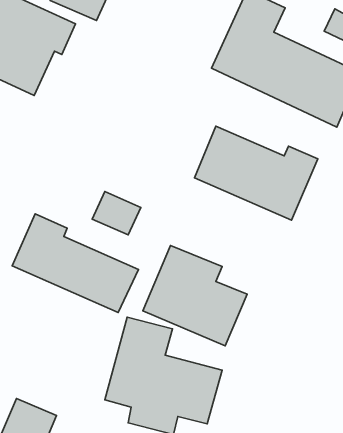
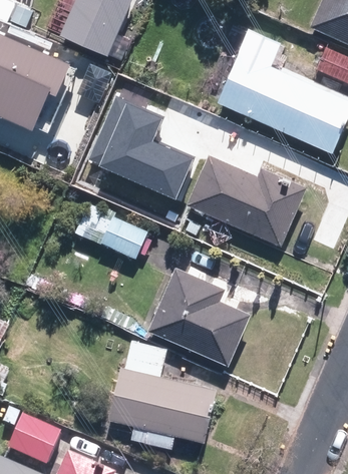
building: none -> [83,99,190,200]
building: [12,214,138,312] -> none

